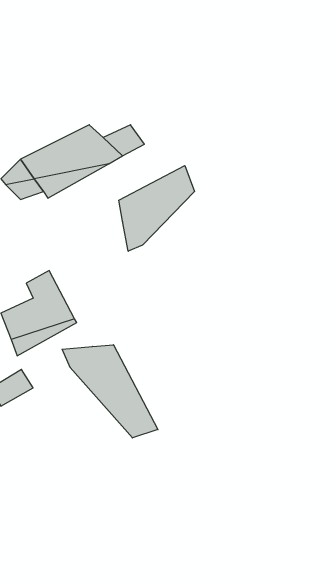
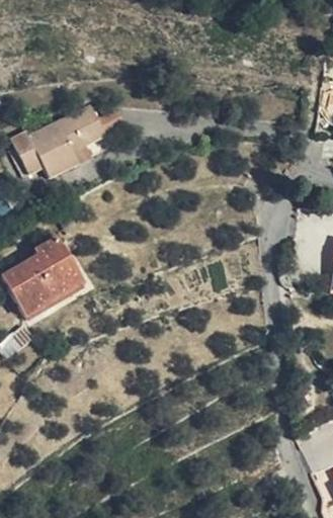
building: [119,166,194,251] -> none
building: [62,345,158,438] -> none

